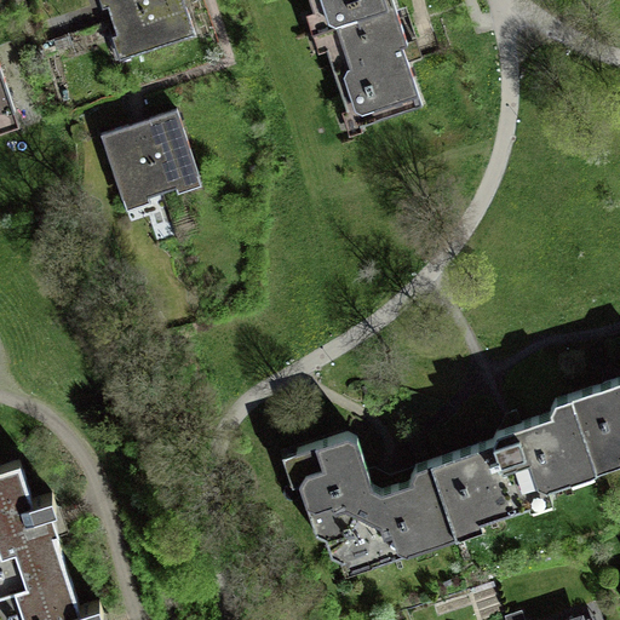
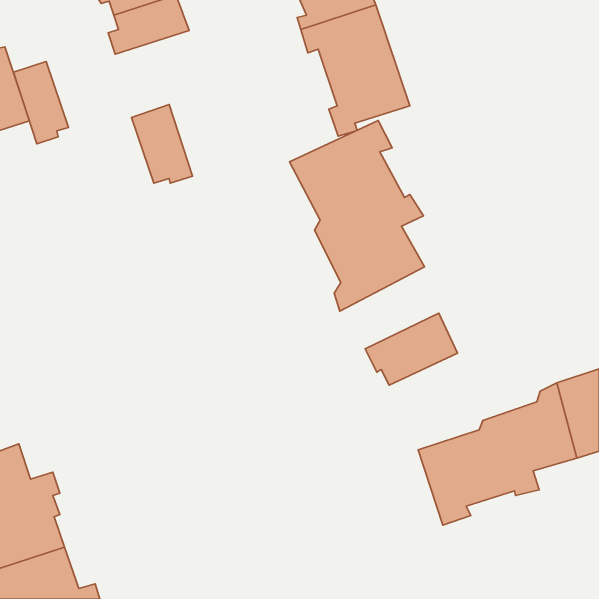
building: [102,121,159,206] -> [13,62,69,144]
building: none -> [289,121,425,311]
building: none -> [365,313,457,385]
building: [282,437,457,579] -> none

